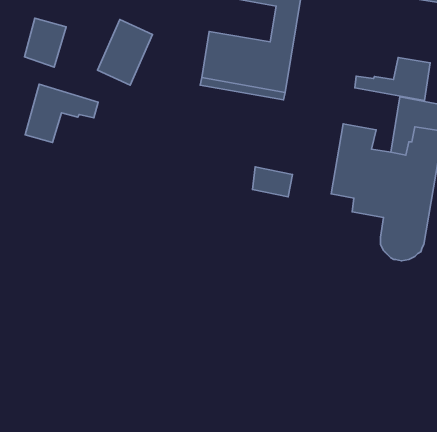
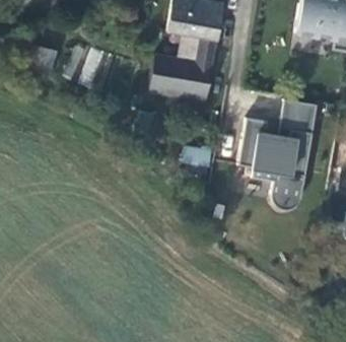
building: [355,57,430,100] -> none
building: [25,84,98,143] -> none

